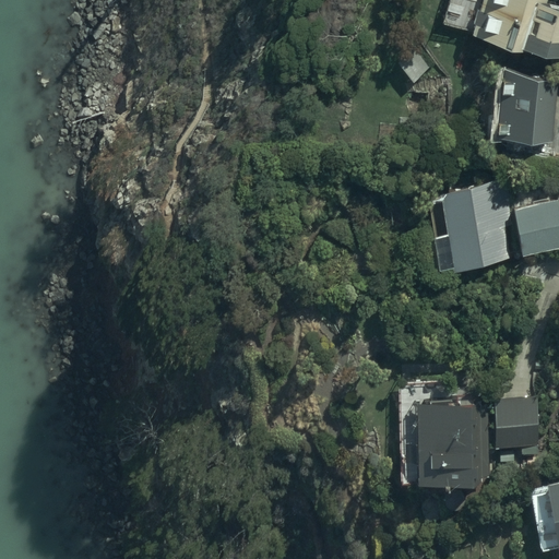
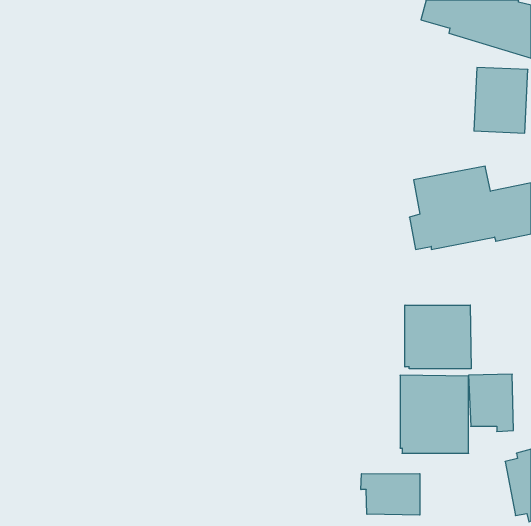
building: none -> [405,305,471,369]
building: none -> [361,474,420,515]

